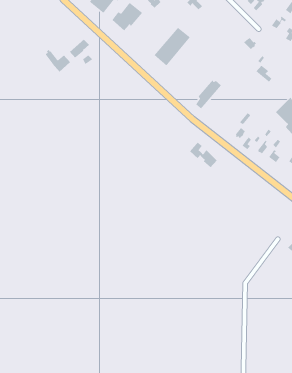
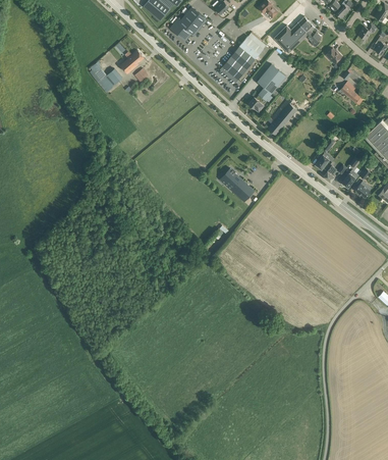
building: none -> [274,16,322,53]
building: none -> [250,64,286,111]
building: [189,142,217,168] -> [221,169,255,201]

